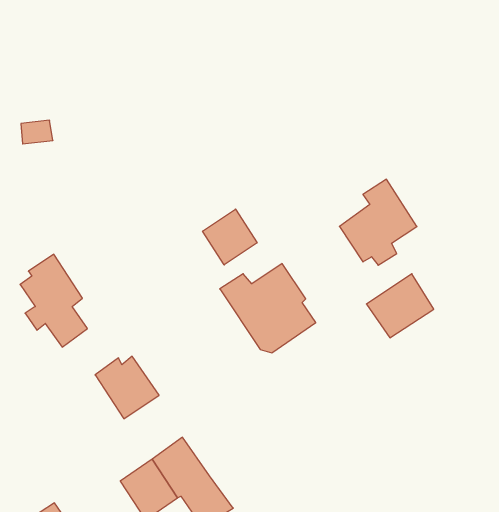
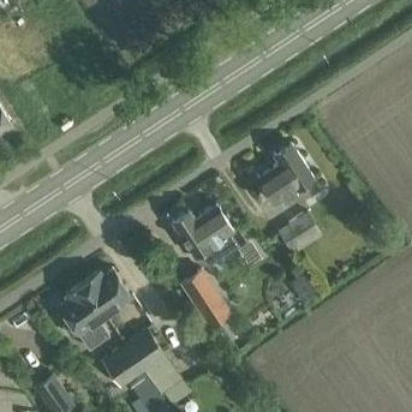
building: [203,209,257,265] -> none
building: [20,254,87,347] -> [59,283,107,350]
building: none -> [183,269,232,326]

